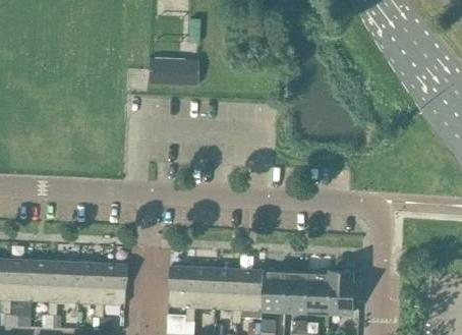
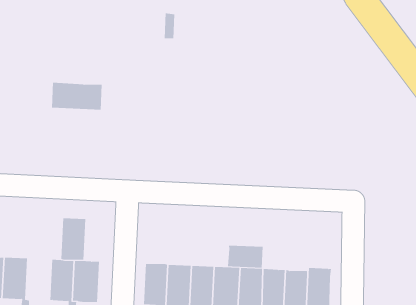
building: [147,58,197,86] -> [51,82,103,110]
building: none -> [225,245,263,268]
building: [52,261,77,302] -> [60,218,86,260]

